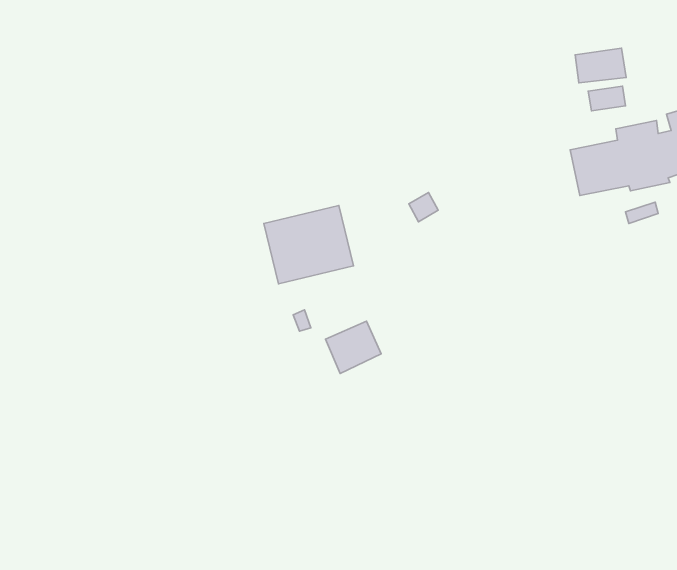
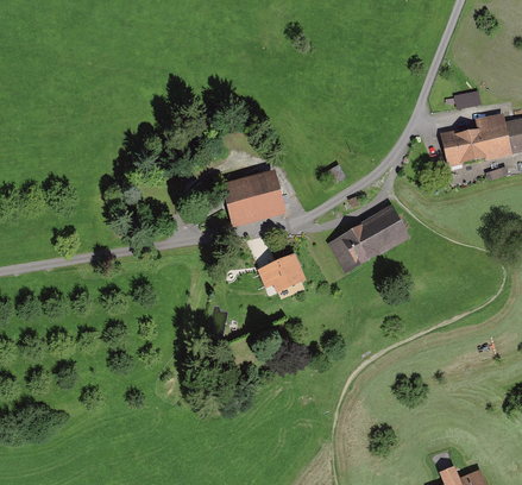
building: [575,48,626,83] -> none
building: none -> [328,206,409,270]

